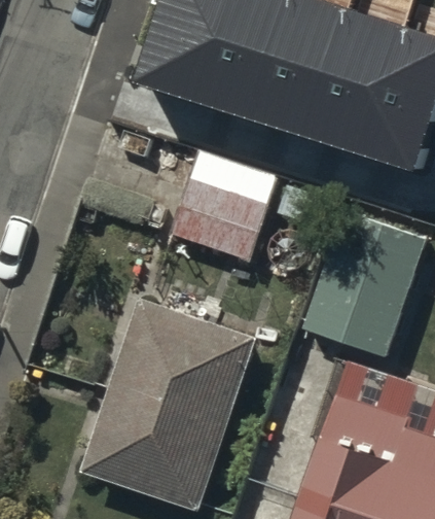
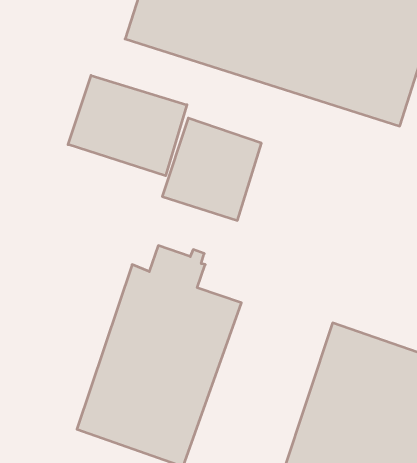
building: none -> [68,75,187,176]
building: [304,213,423,361] -> none

